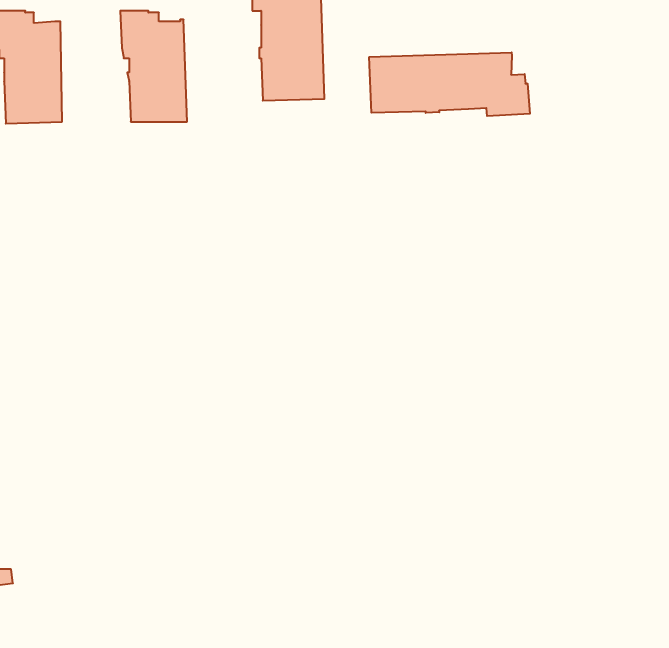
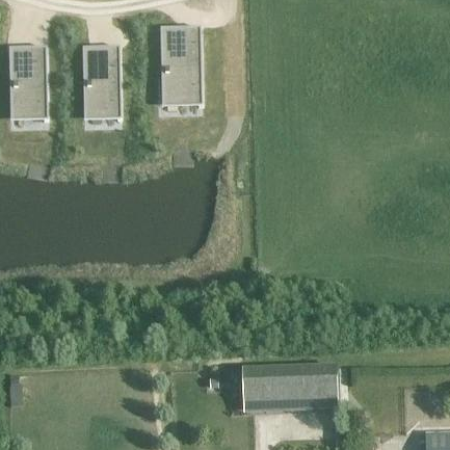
building: [369,52,530,116] -> none
building: none -> [241,367,335,402]

